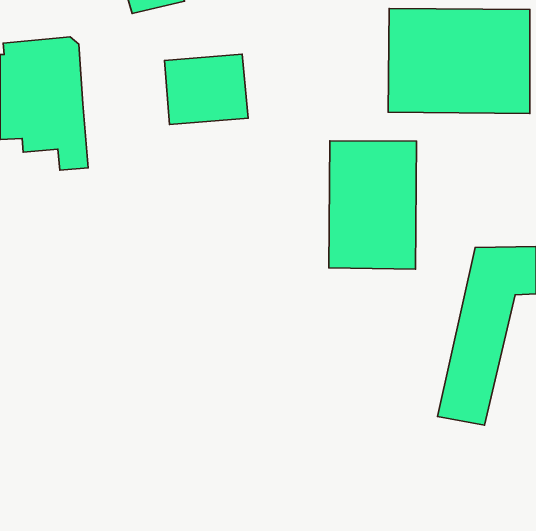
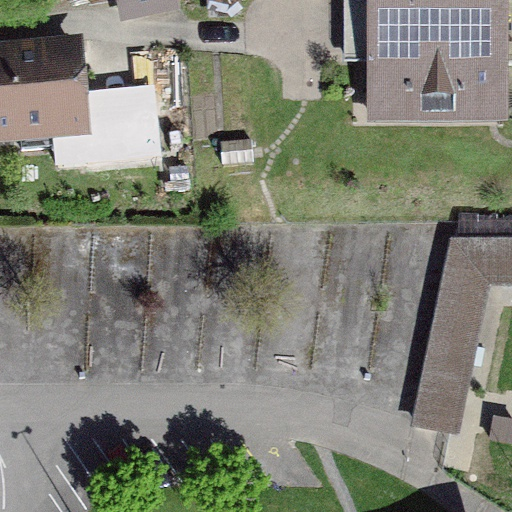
building: [164,54,248,124] -> [79,93,159,160]
building: [329,141,417,269] -> none

